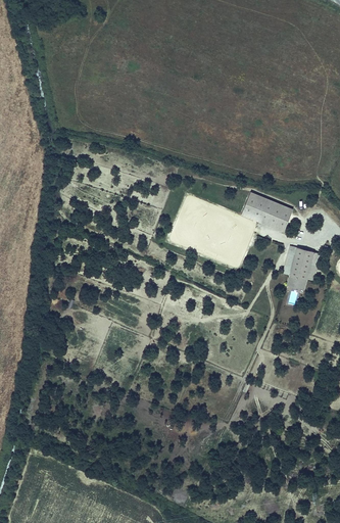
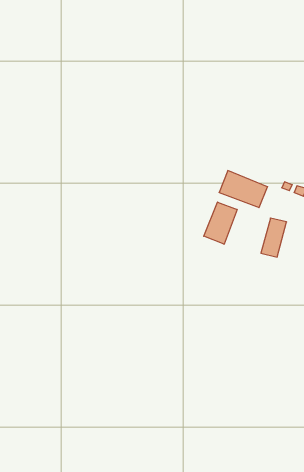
building: none -> [204,202,237,244]

